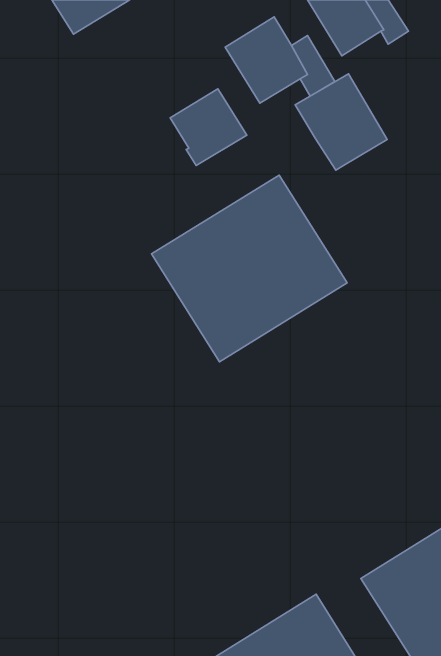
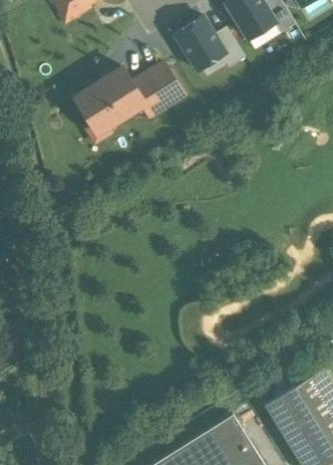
building: [295,74,387,170] -> none
building: none -> [75,68,144,134]
building: [152,175,347,362] -> none

